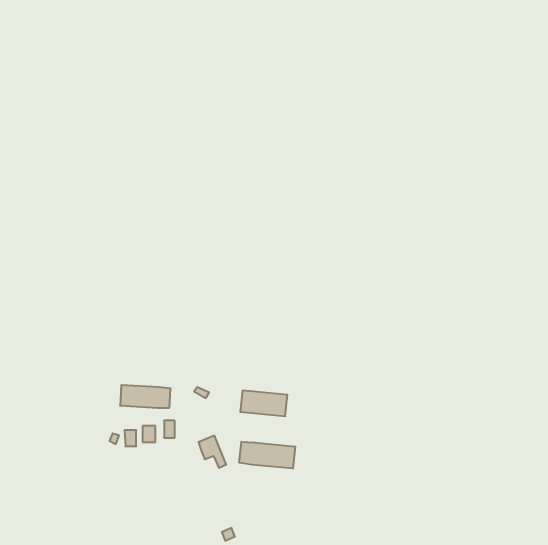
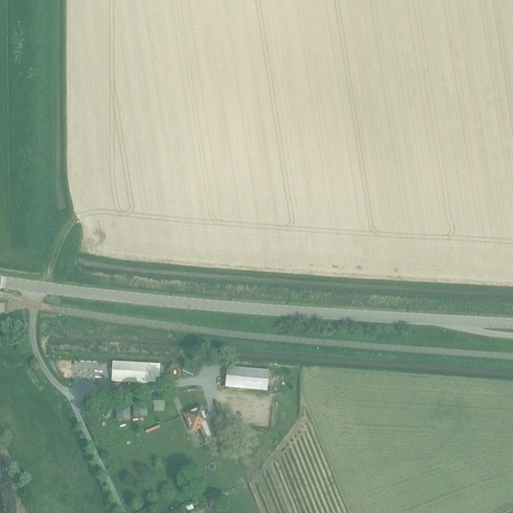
building: [239,442,295,469] -> none

